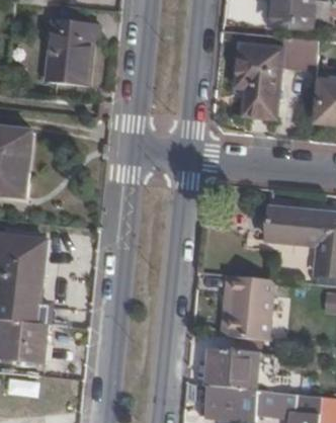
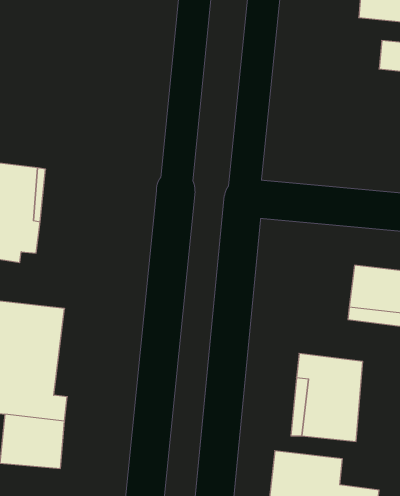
building: [52,22,103,89] -> none
building: [235,44,279,117] -> none

